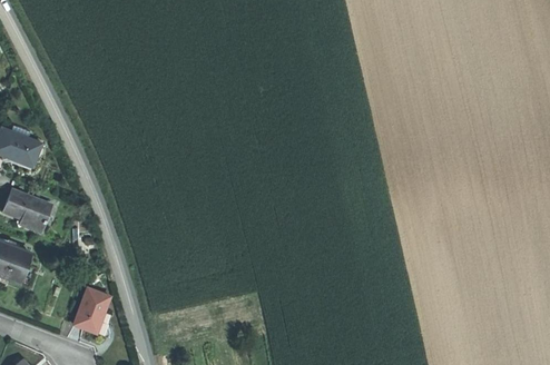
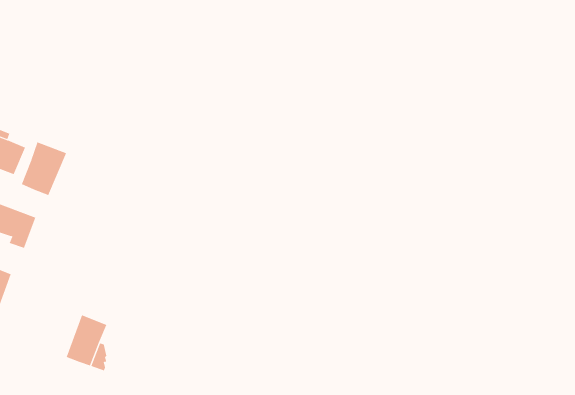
building: none -> [21,142,67,196]

